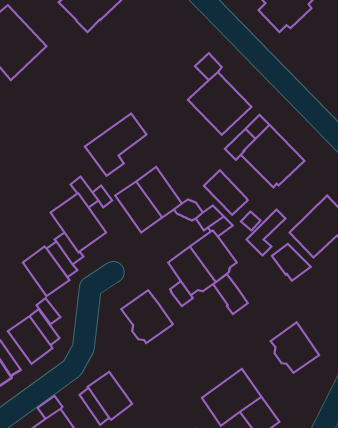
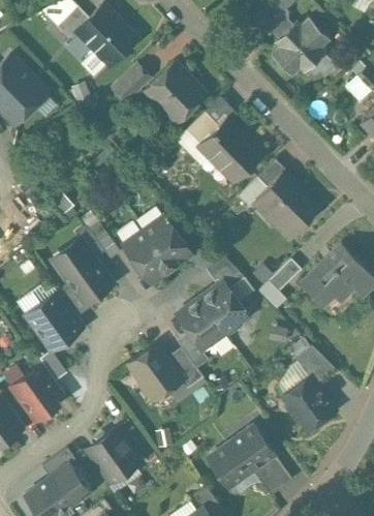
building: none -> [146,63,205,122]
building: none -> [112,65,150,102]
building: none -> [186,112,219,145]
building: [85,113,147,176] -> none
building: [204,170,248,215] -> none
building: [272,244,311,281] -> [294,346,335,385]
building: [213,274,248,314] -> [166,347,202,389]

